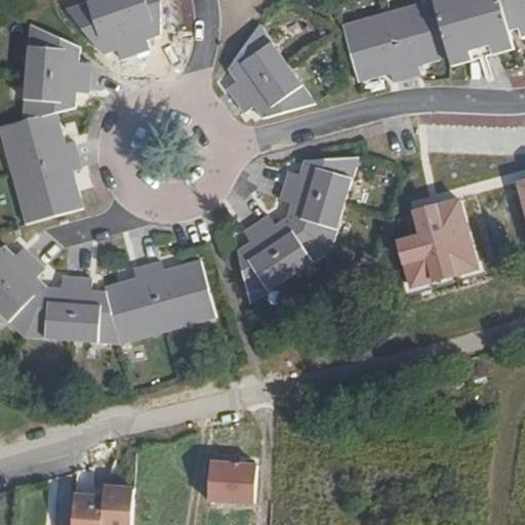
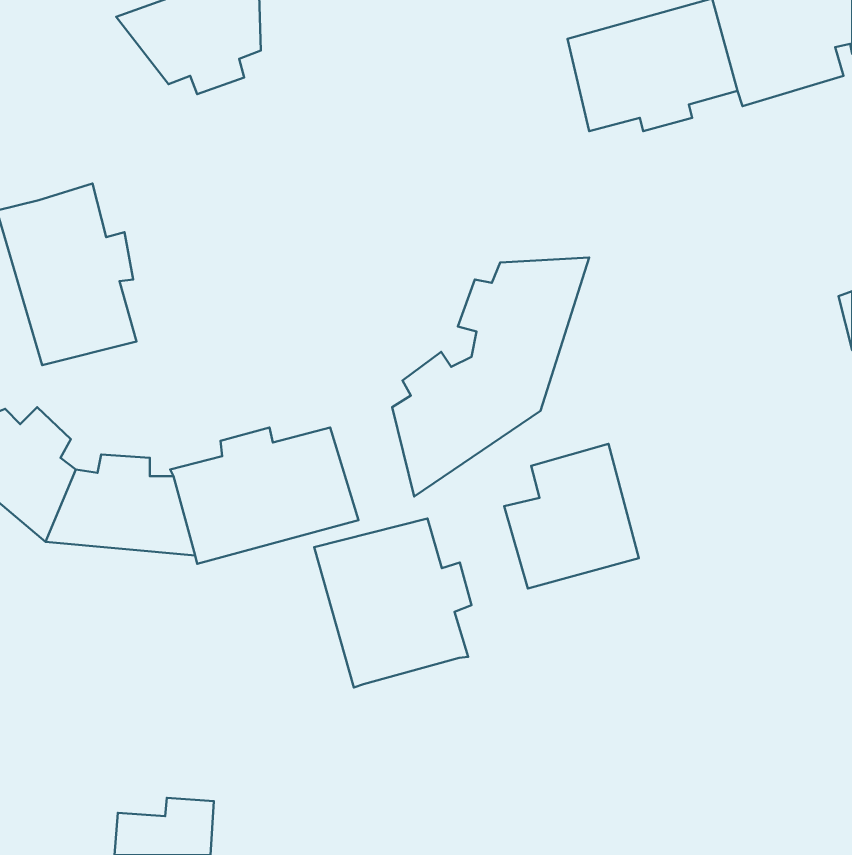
building: [24,25,90,122] -> none
building: [224,25,311,115] -> none
building: [393,197,475,285] -> [504,444,639,589]
building: none -> [314,519,472,688]
building: [202,457,252,504] -> none

